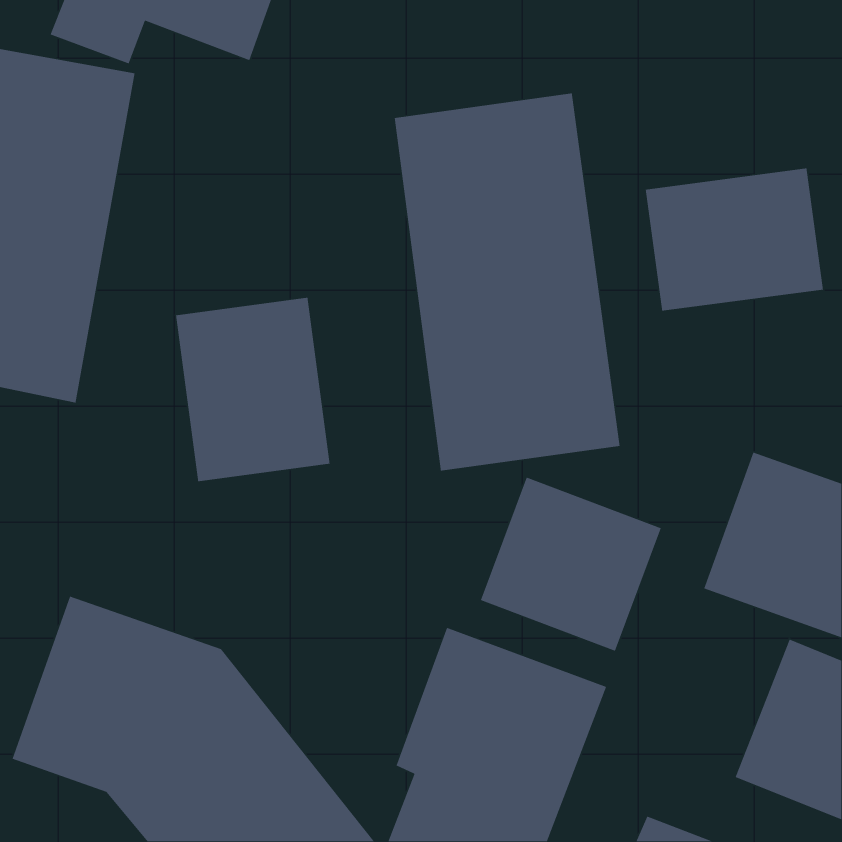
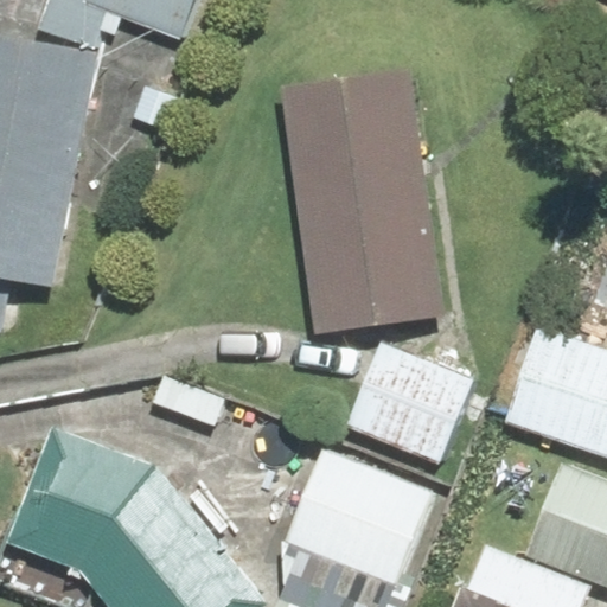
building: [645,167,824,312] -> none
building: [175,297,330,482] -> none

